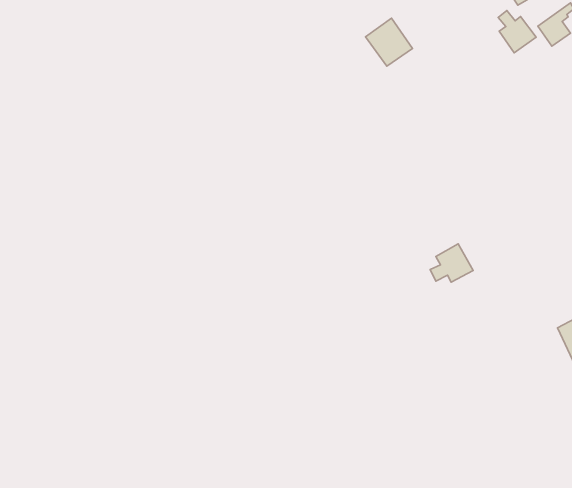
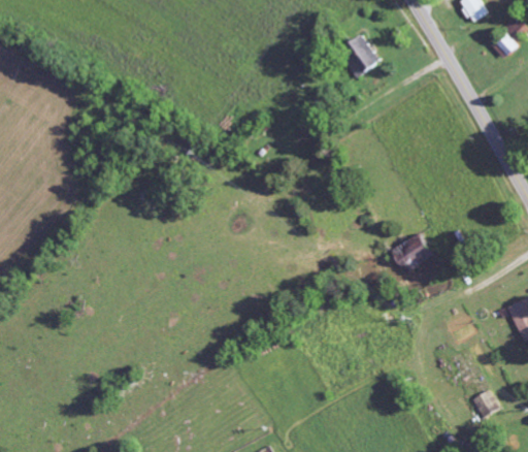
building: [498,10,536,53] -> none
building: none -> [473,390,500,418]

